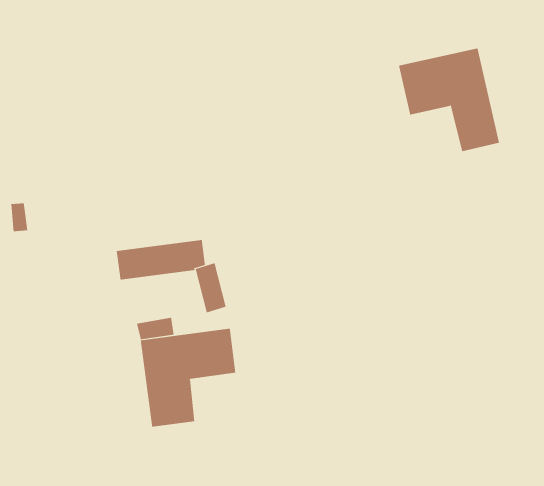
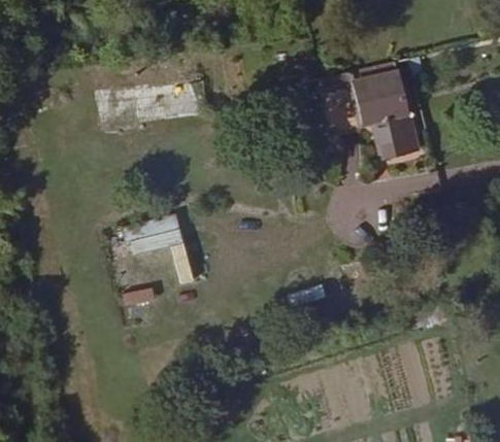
building: [140,328,236,427] -> none

